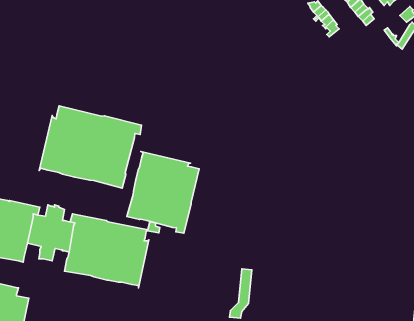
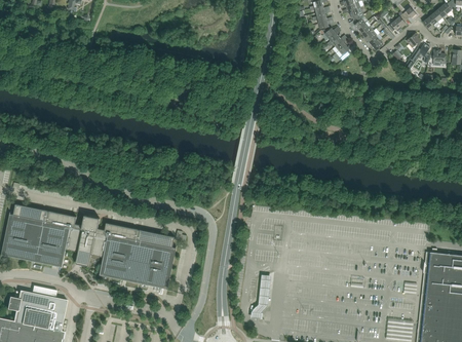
building: [39,106,142,188] -> none
building: [127,152,199,233] -> none

